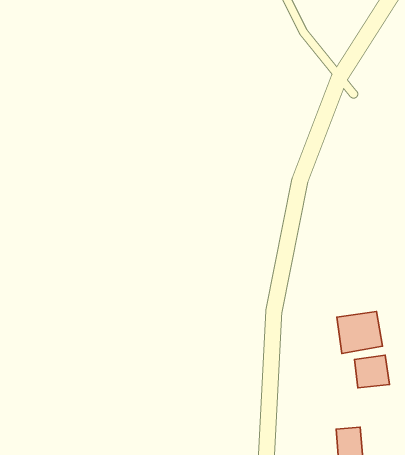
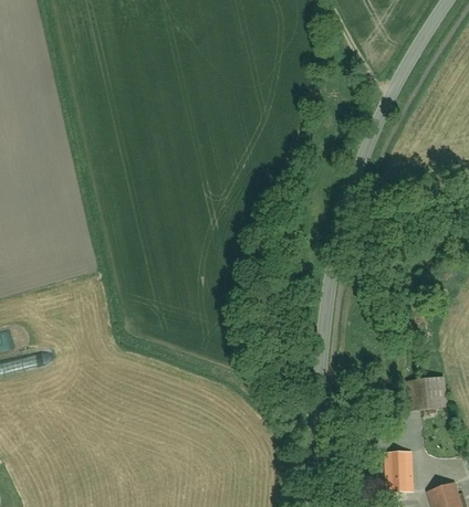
building: [337,312,382,353] -> none

